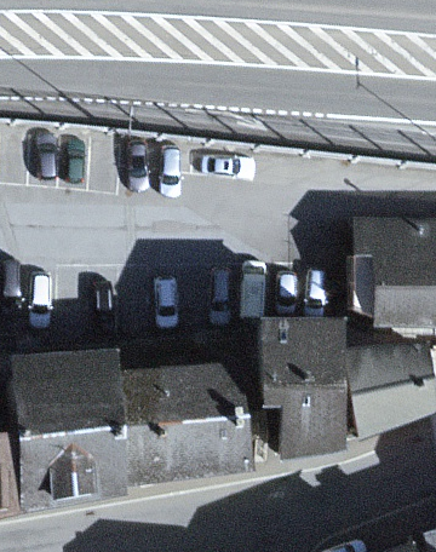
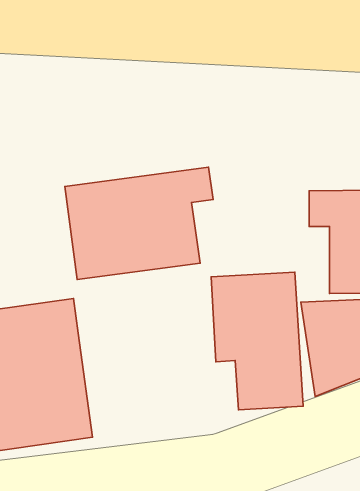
building: none -> [65,167,213,280]
building: [122,362,254,483] -> none

